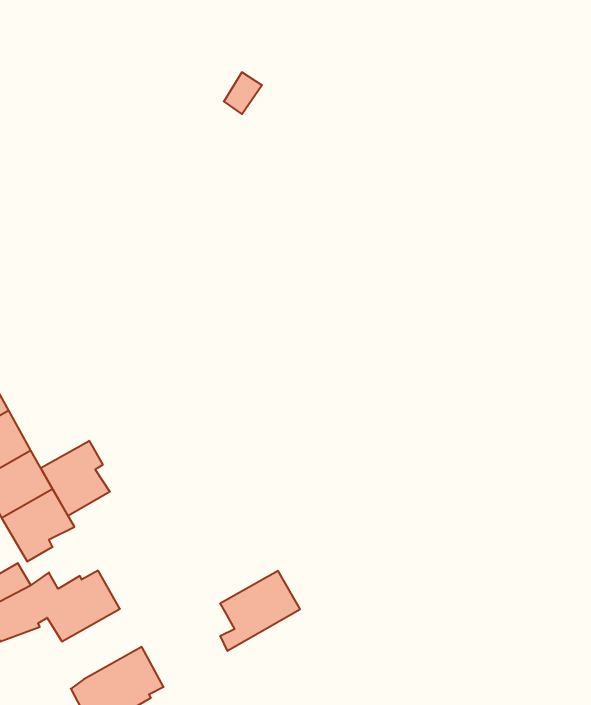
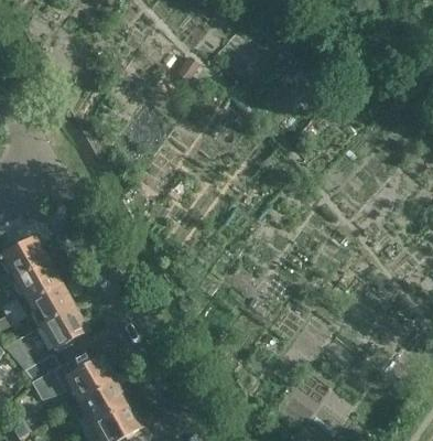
building: [41,441,110,516] -> none
building: [220,571,300,651] -> [79,380,128,429]

